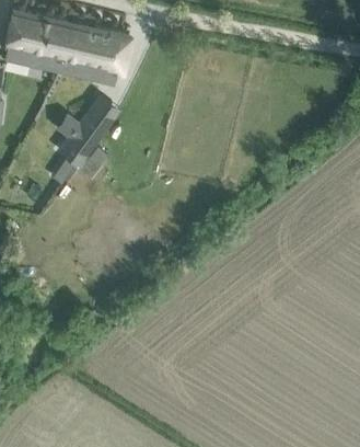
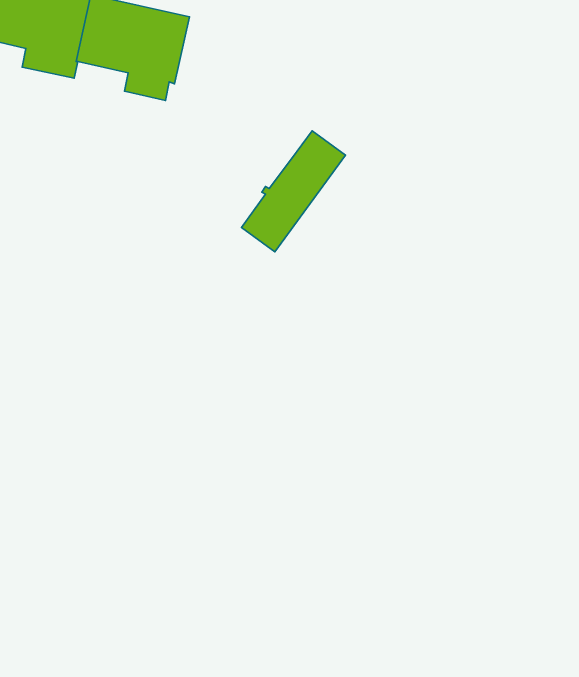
building: [59,95,120,167] -> [241,131,346,252]

